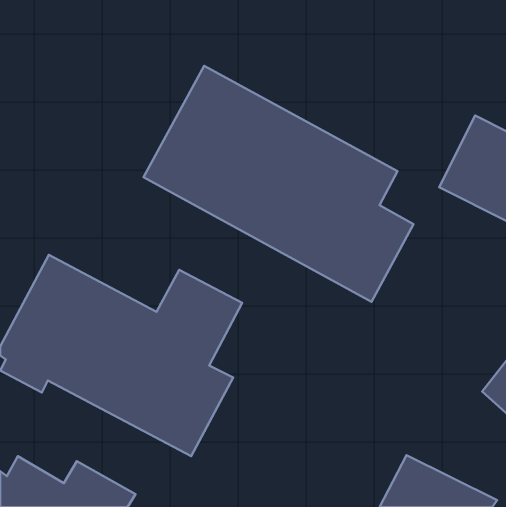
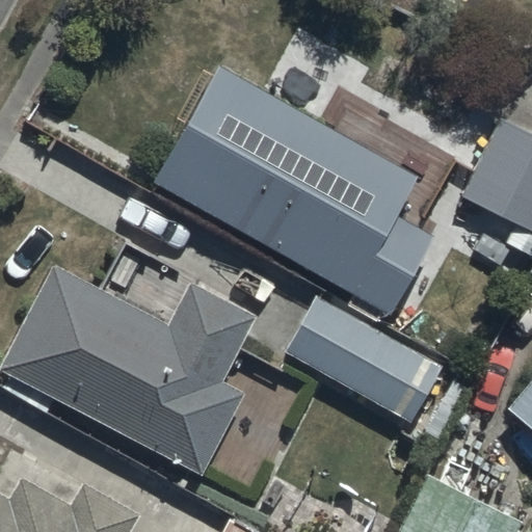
building: none -> [286,295,443,420]

